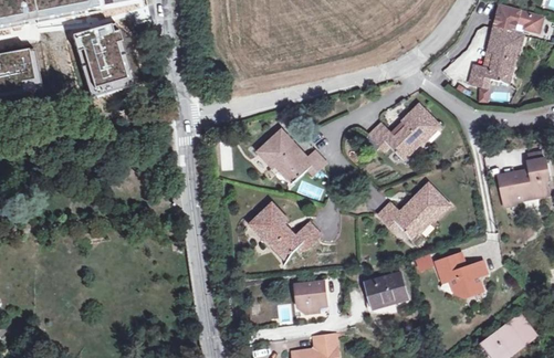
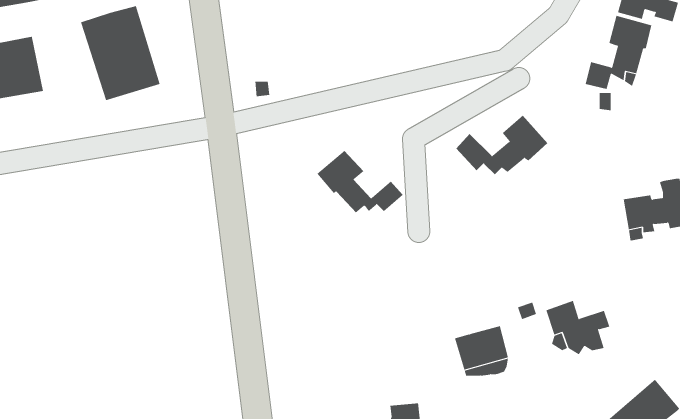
building: [374,179,449,230] -> none
building: [249,206,317,255] -> none
building: [296,281,326,314] -> none

